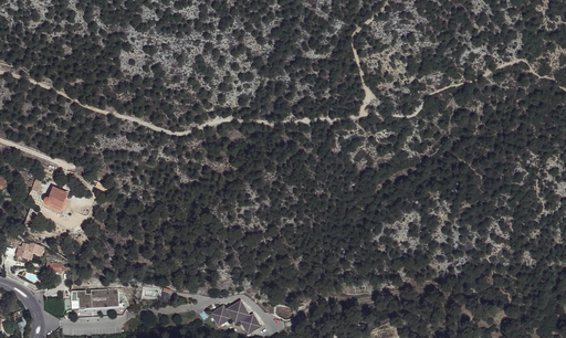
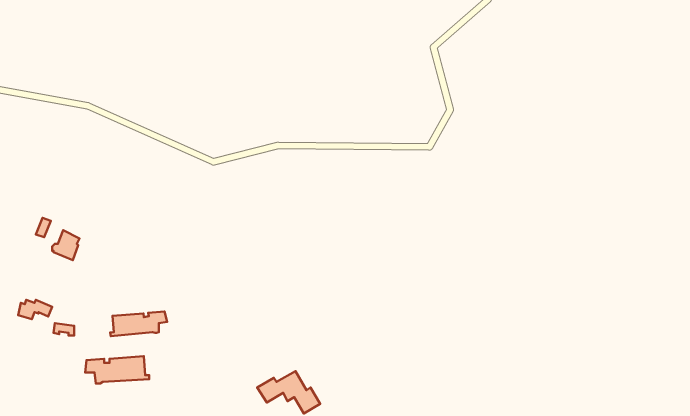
building: none -> [110,312,167,336]

